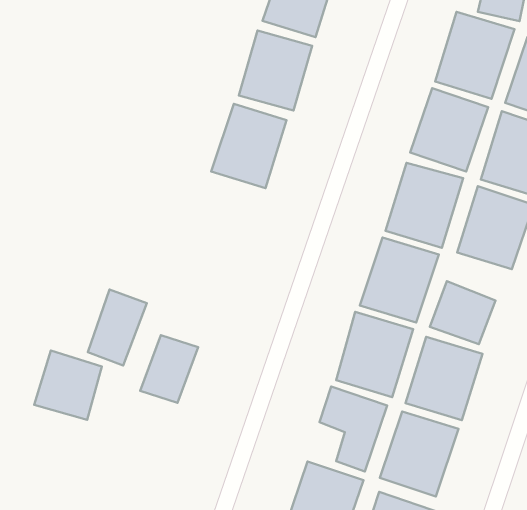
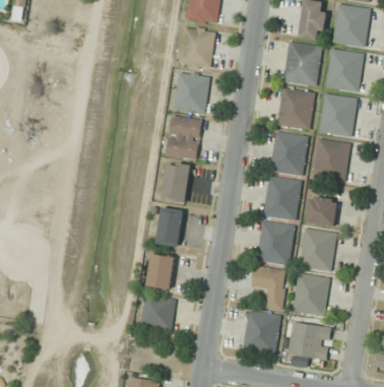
building: none -> [161,162,190,202]
building: [88,289,147,365] -> [155,206,184,248]
building: [34,350,102,420] -> [140,294,175,329]

